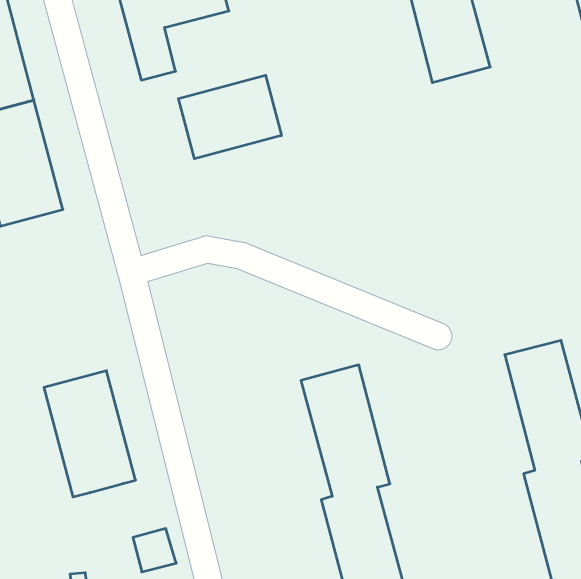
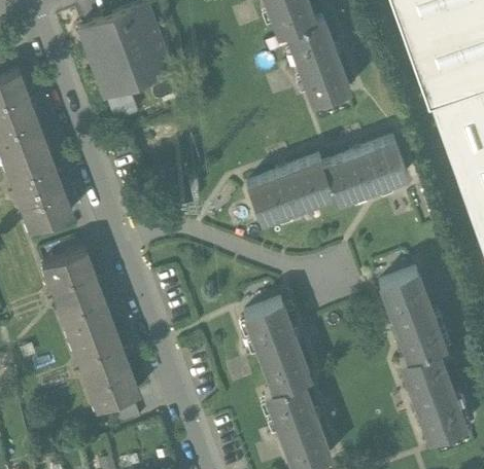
building: [178,75,281,159] -> none
building: none -> [245,136,407,219]
building: none -> [42,246,110,333]
building: [133,529,176,572] -> [107,393,138,424]

